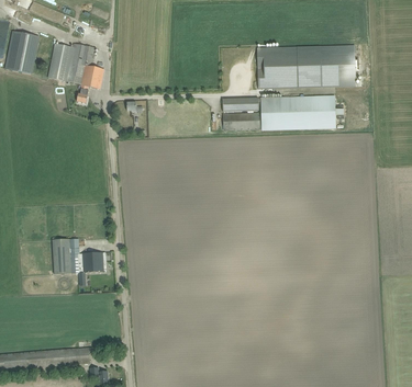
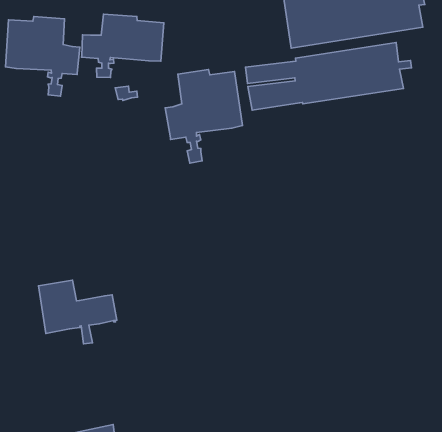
building: none -> [82,14,164,78]
building: none -> [165,70,242,163]

